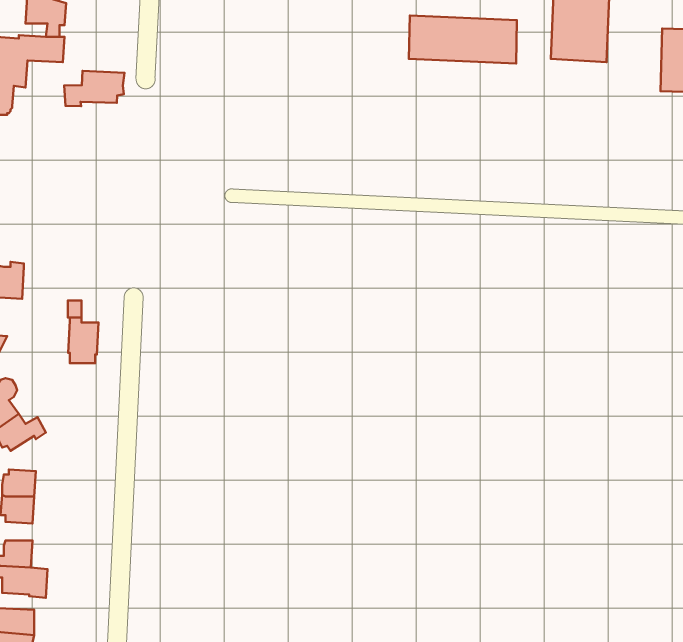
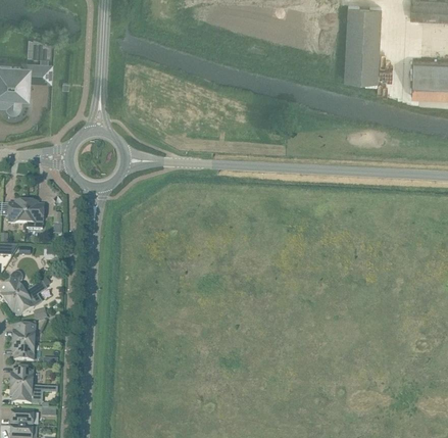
building: [409,16,517,63] -> none
building: [64,71,125,106] -> none
building: [68,317,98,363] -> [26,201,44,229]

